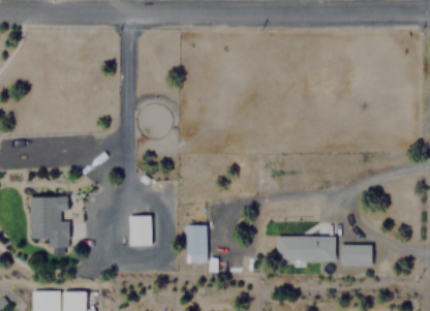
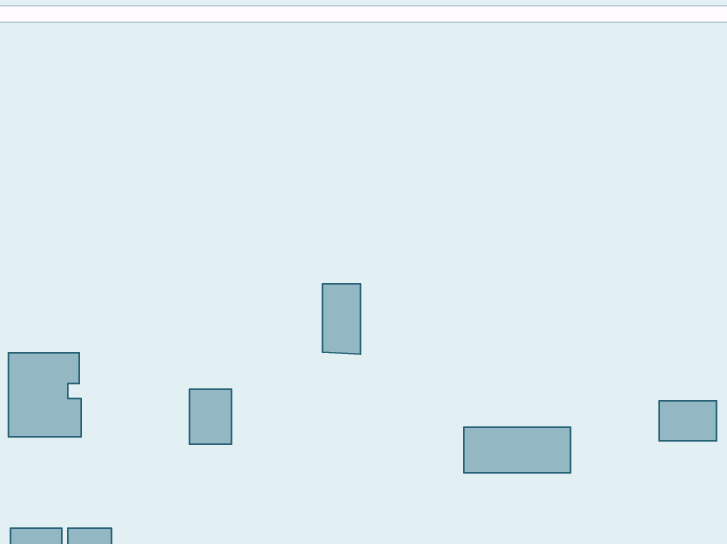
building: [187,225,208,263] -> [322,284,361,354]
building: [341,244,372,266] -> [659,401,716,441]

